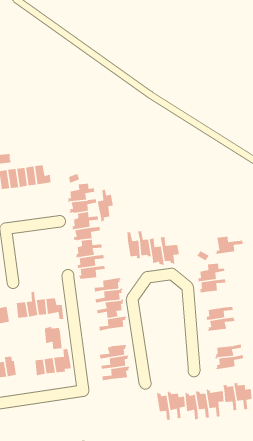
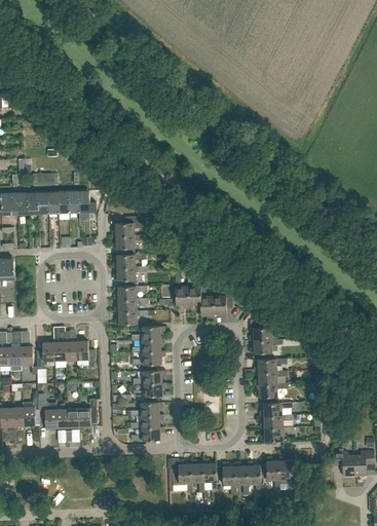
building: [97,189,114,223] -> none
building: [215,236,244,255] -> [254,352,287,372]
building: [44,326,63,350] -> [38,401,56,427]
building: none -> [134,382,165,402]
building: none -> [259,397,292,416]
building: none -> [172,460,191,492]

